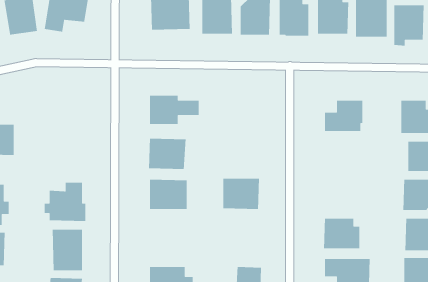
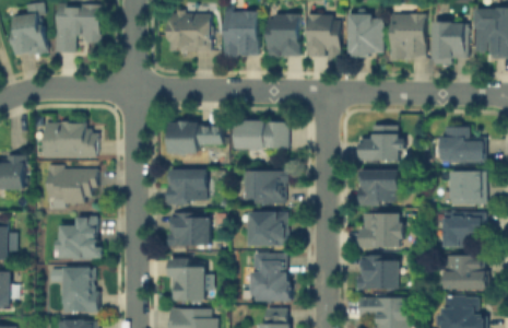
building: none -> [43,121,97,160]
building: none -> [235,121,286,151]
building: none -> [47,167,96,204]
building: none -> [240,171,286,206]
building: none -> [357,172,395,206]
building: none -> [358,214,400,249]
building: none -> [251,254,288,303]
building: none -> [167,259,201,302]

